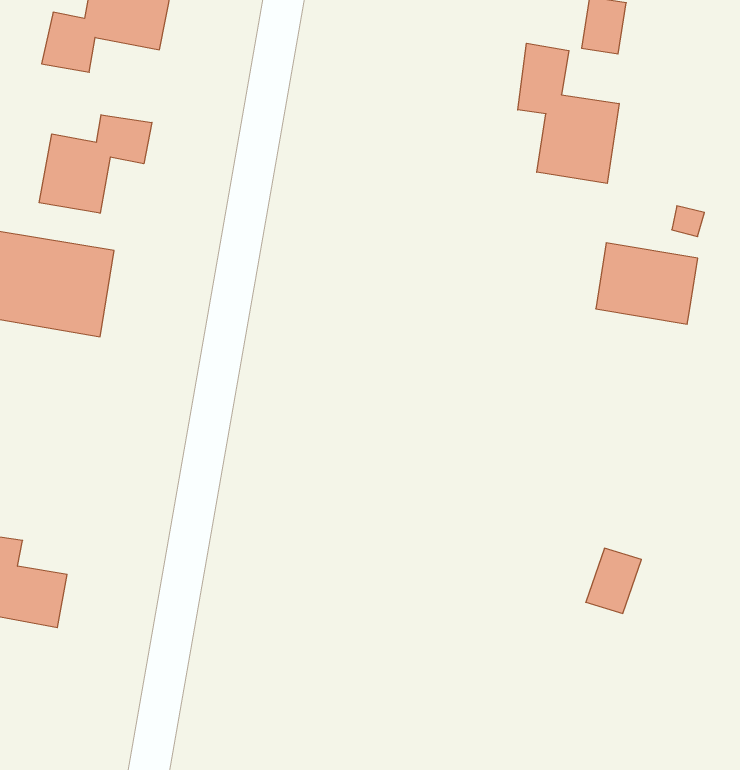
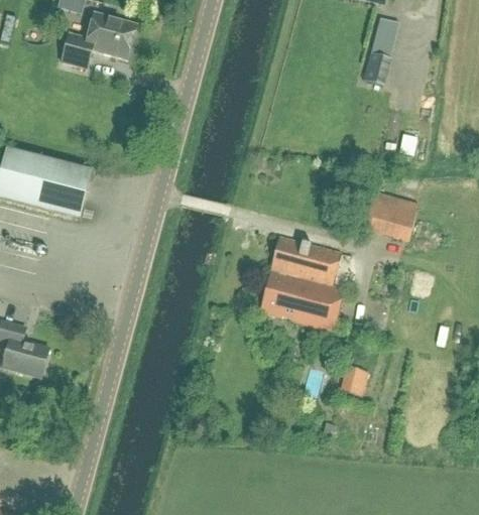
building: [518,43,619,183] -> none
building: [39,115,152,213] -> none
building: none -> [260,235,343,330]

